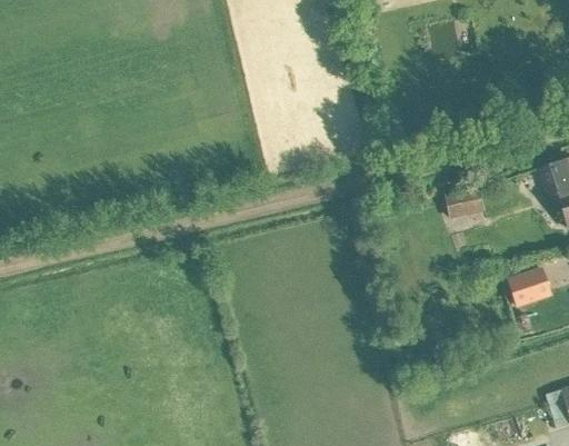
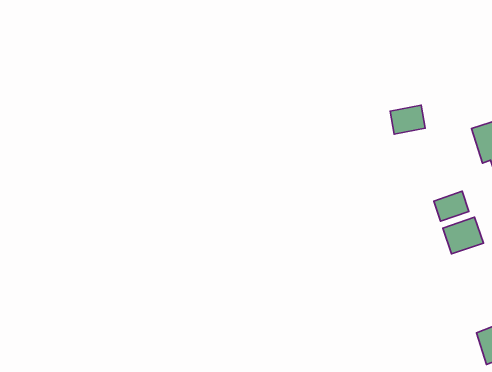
building: [446,185,485,217] -> [390,105,425,134]
building: none -> [434,191,469,221]

